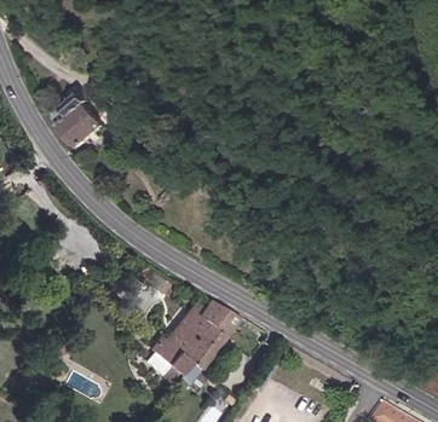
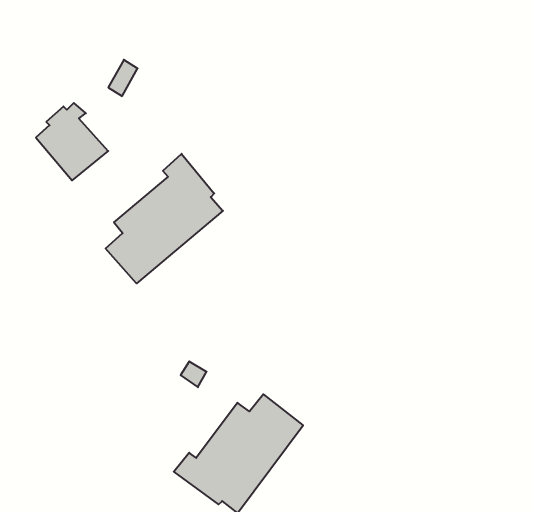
building: none -> [106,154,223,283]

